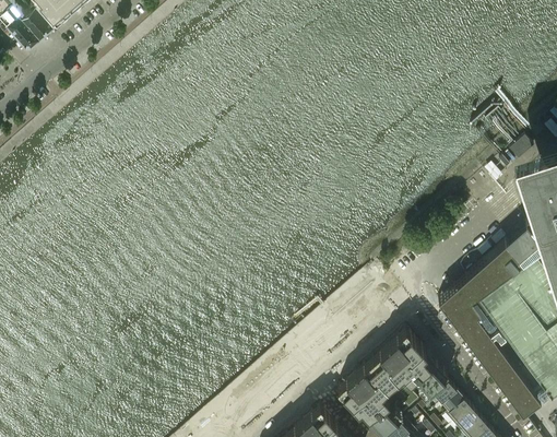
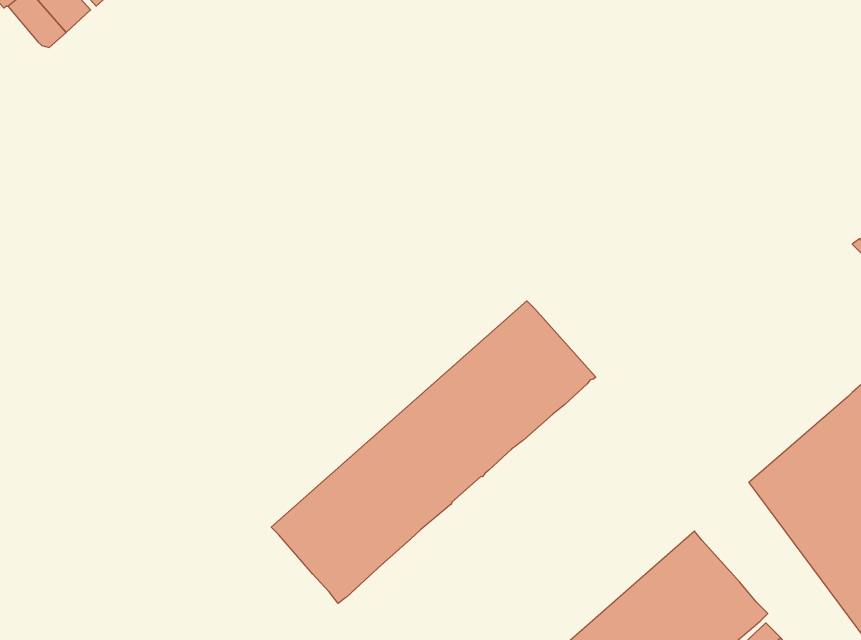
building: none -> [271,301,596,603]

